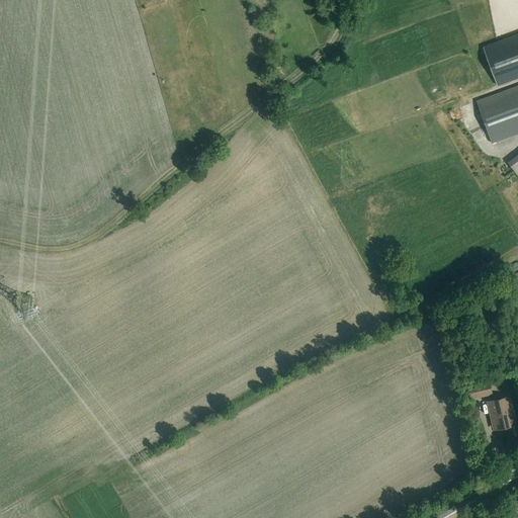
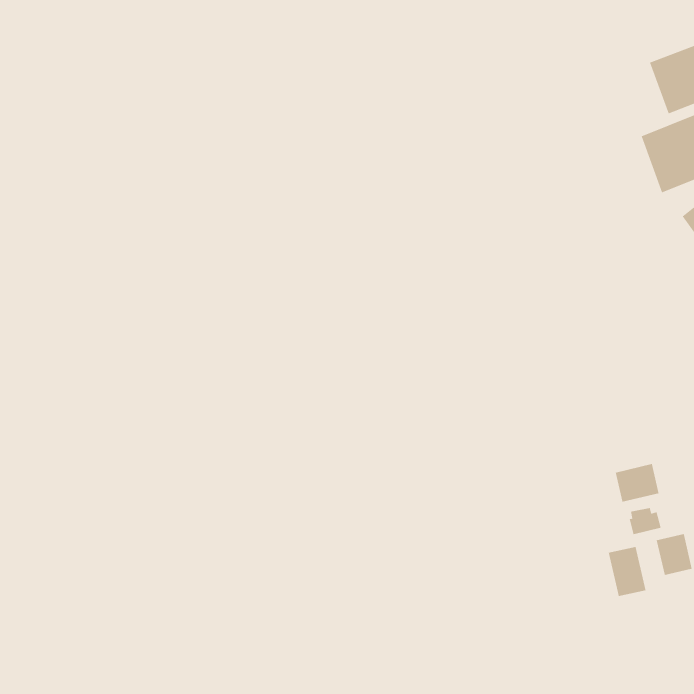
building: none -> [615,463,659,502]
building: none -> [608,546,646,597]

